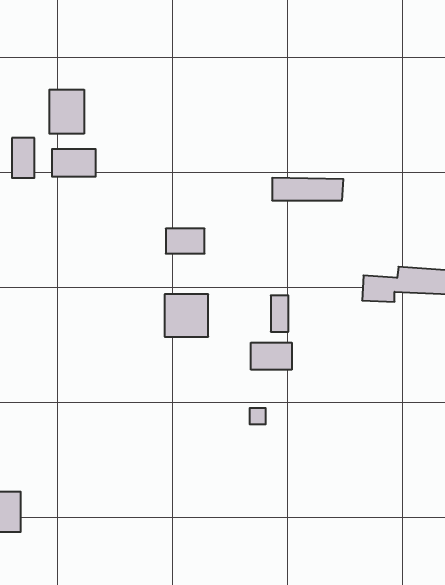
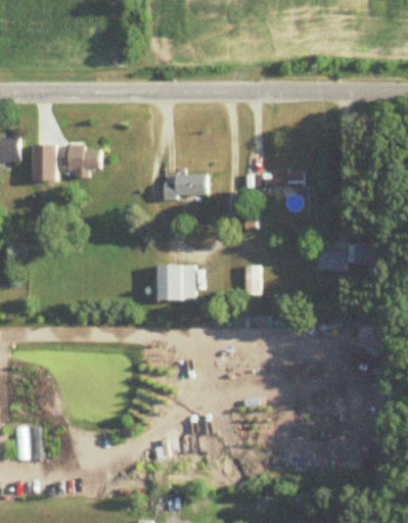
building: [49,90,84,134] -> none
building: [166,229,205,254] -> [176,175,208,195]
building: [251,343,292,370] -> none

